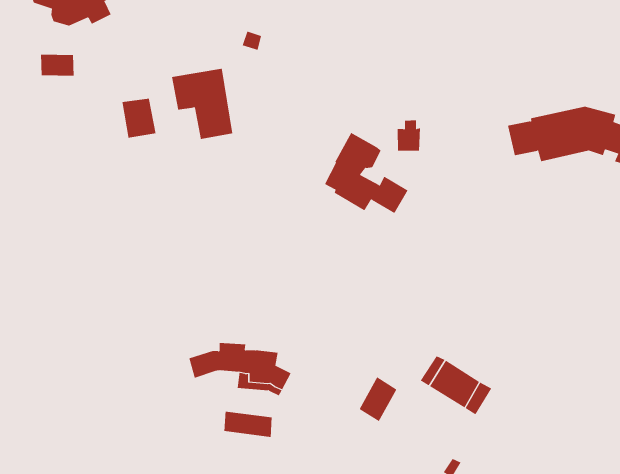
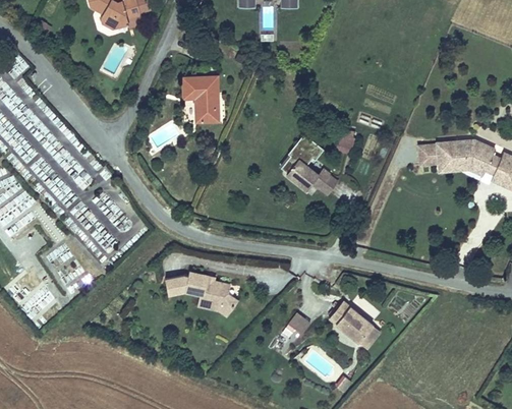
building: [41,54,74,76] -> none
building: [122,98,156,138] -> none
building: [224,411,272,438] -> none

